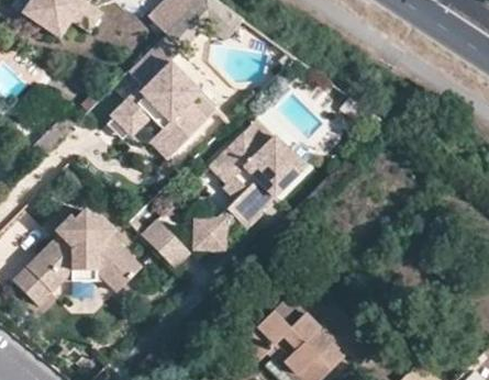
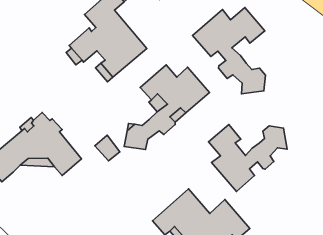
building: none -> [193,7,266,94]
building: none -> [208,124,287,191]

